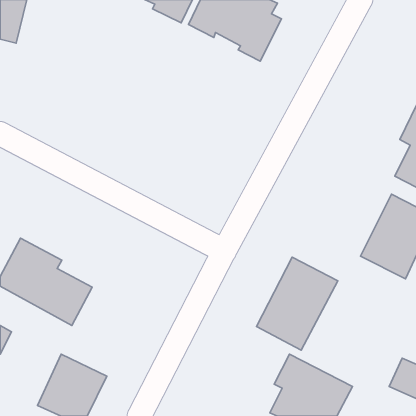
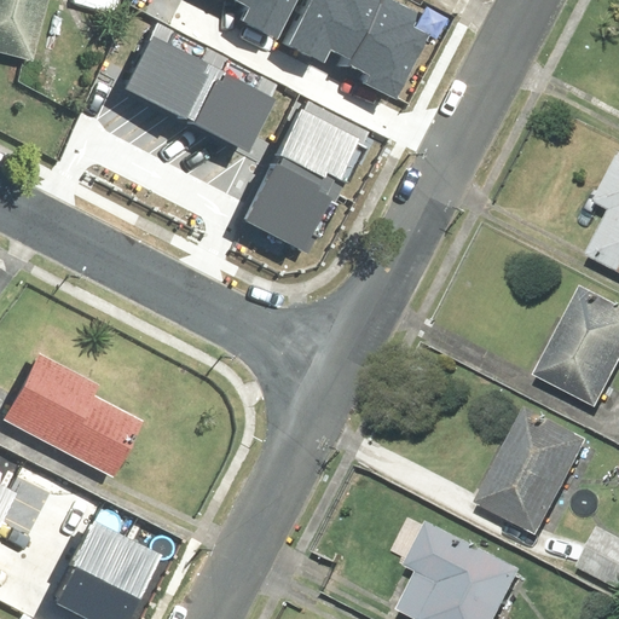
building: none -> [123,19,272,138]
building: none -> [249,99,361,239]
building: [256,257,338,350] -> [475,406,596,544]

